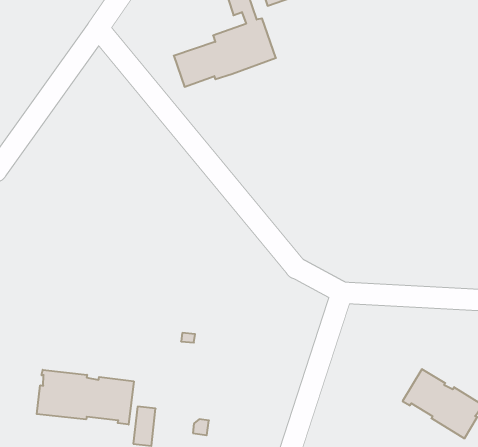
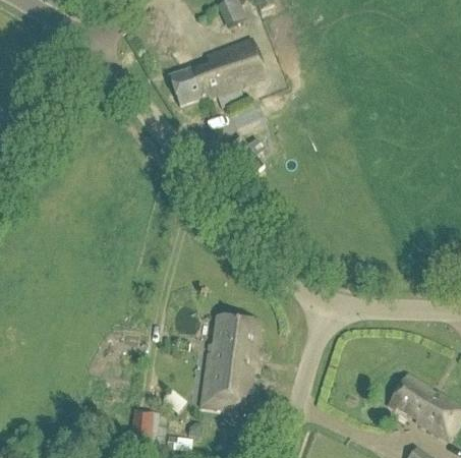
building: none -> [199,316,260,413]
building: [37,370,134,425] -> none

